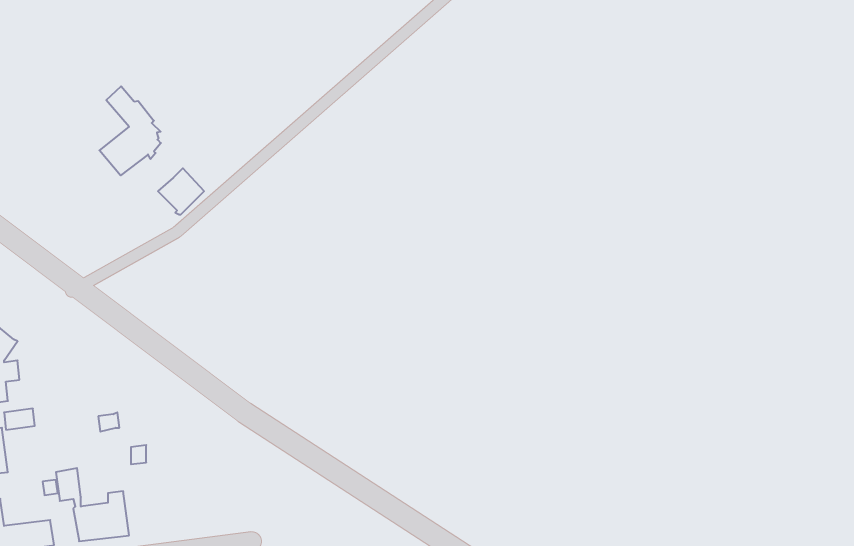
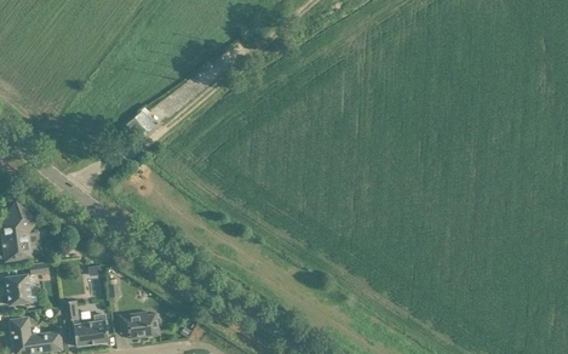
building: [99,86,161,175] -> none
building: none -> [119,312,160,338]

